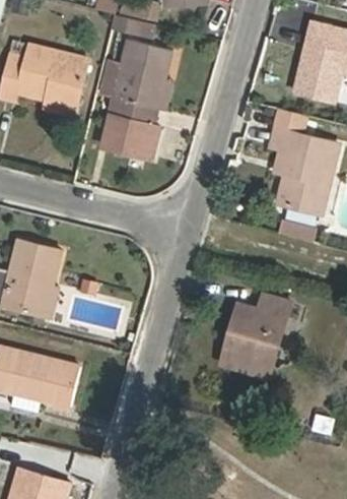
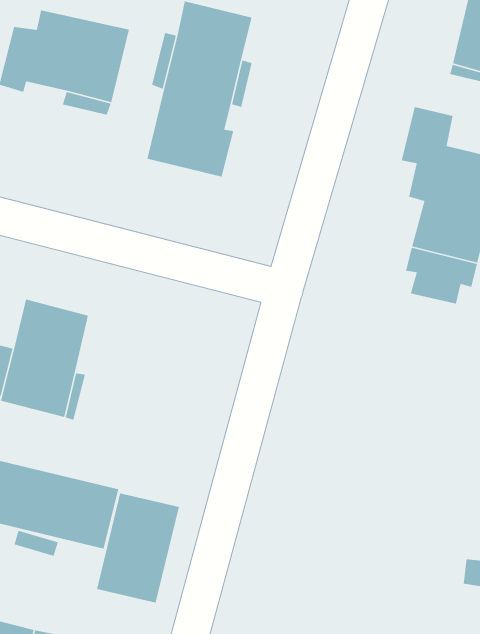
building: [221,296,291,378] -> none
building: none -> [96,493,180,604]

